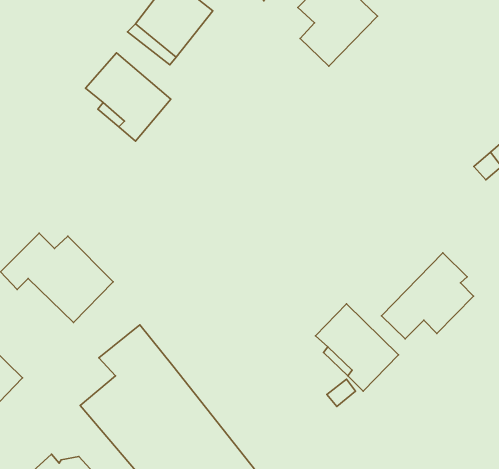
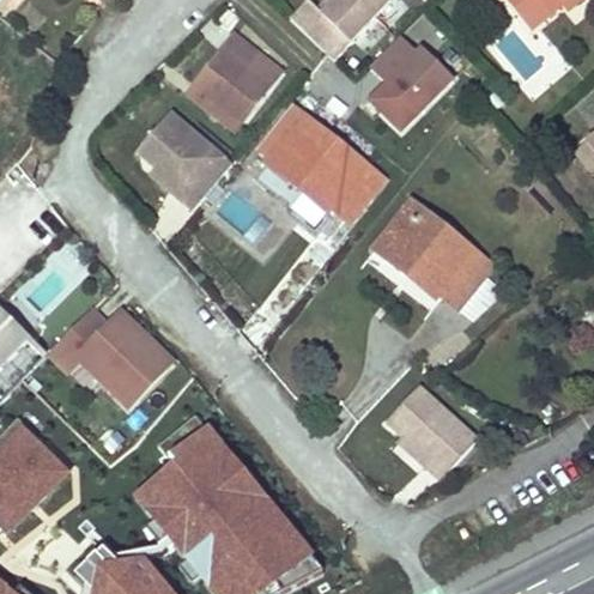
building: none -> [263,114,383,223]
building: none -> [372,200,491,310]
building: [382,253,474,339] -> none

